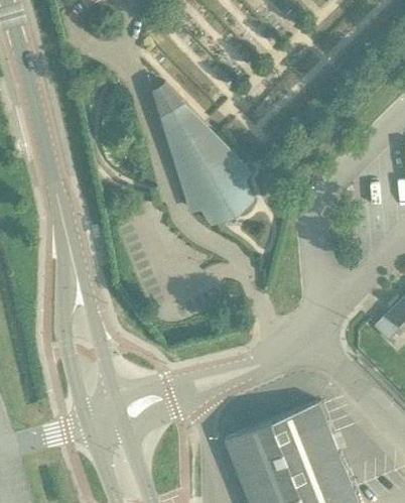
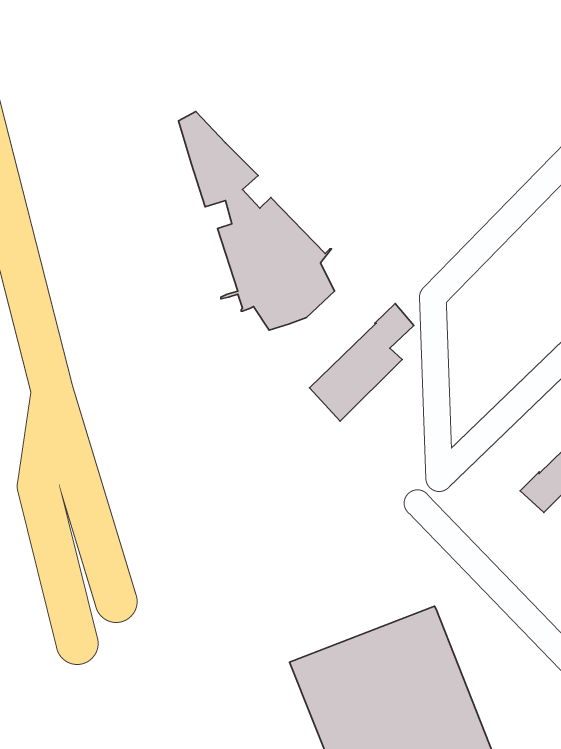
building: none -> [309,304,414,421]

